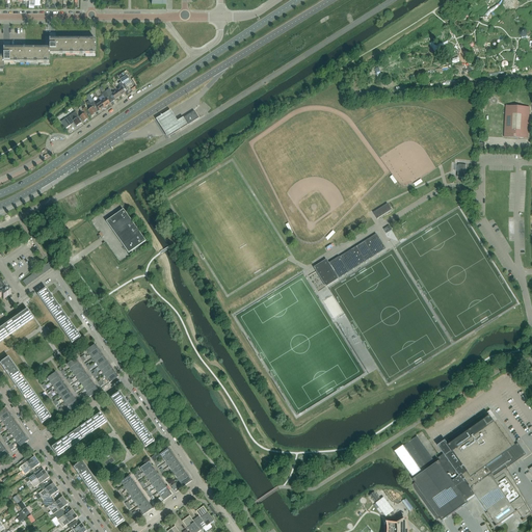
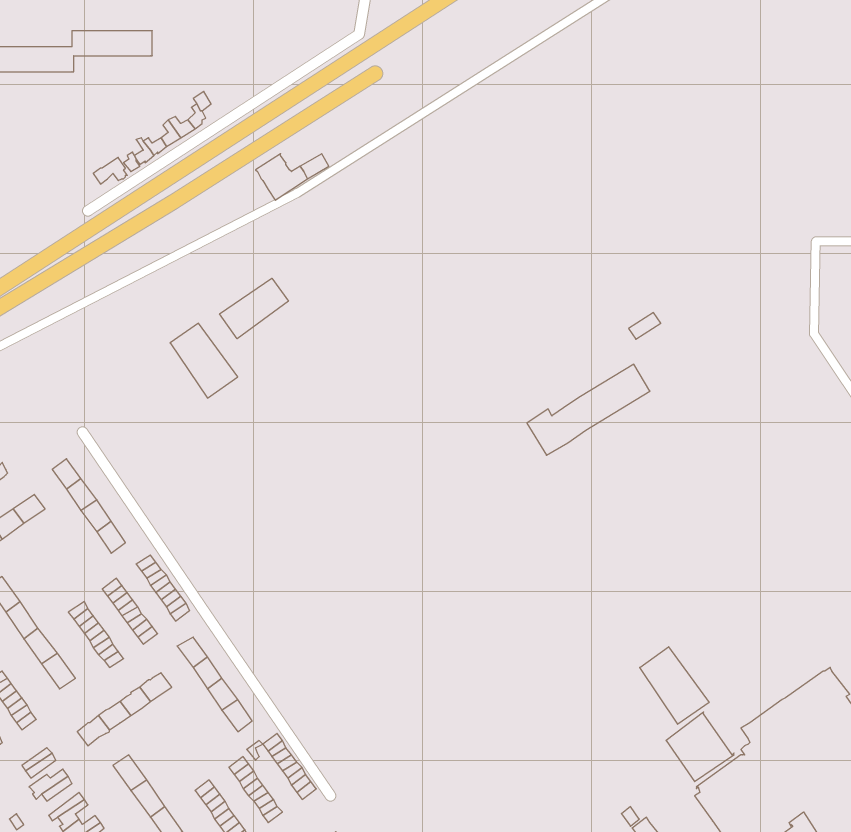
building: none -> [220,278,288,339]
building: none -> [640,647,709,724]

